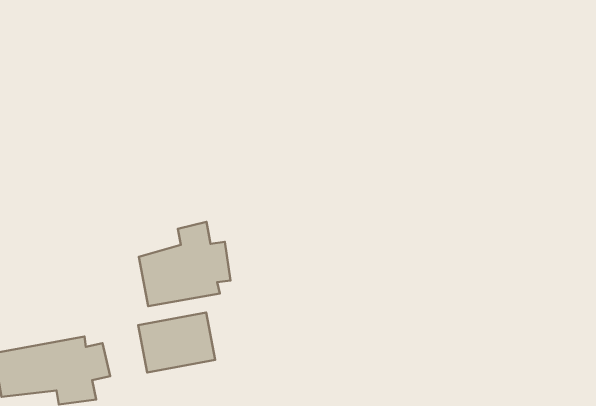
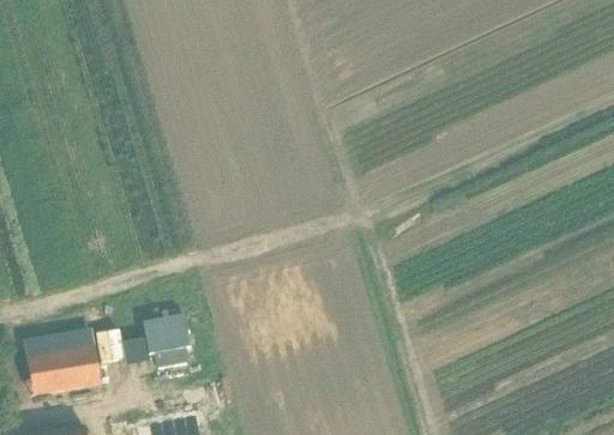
building: [139,222,231,306] -> none

